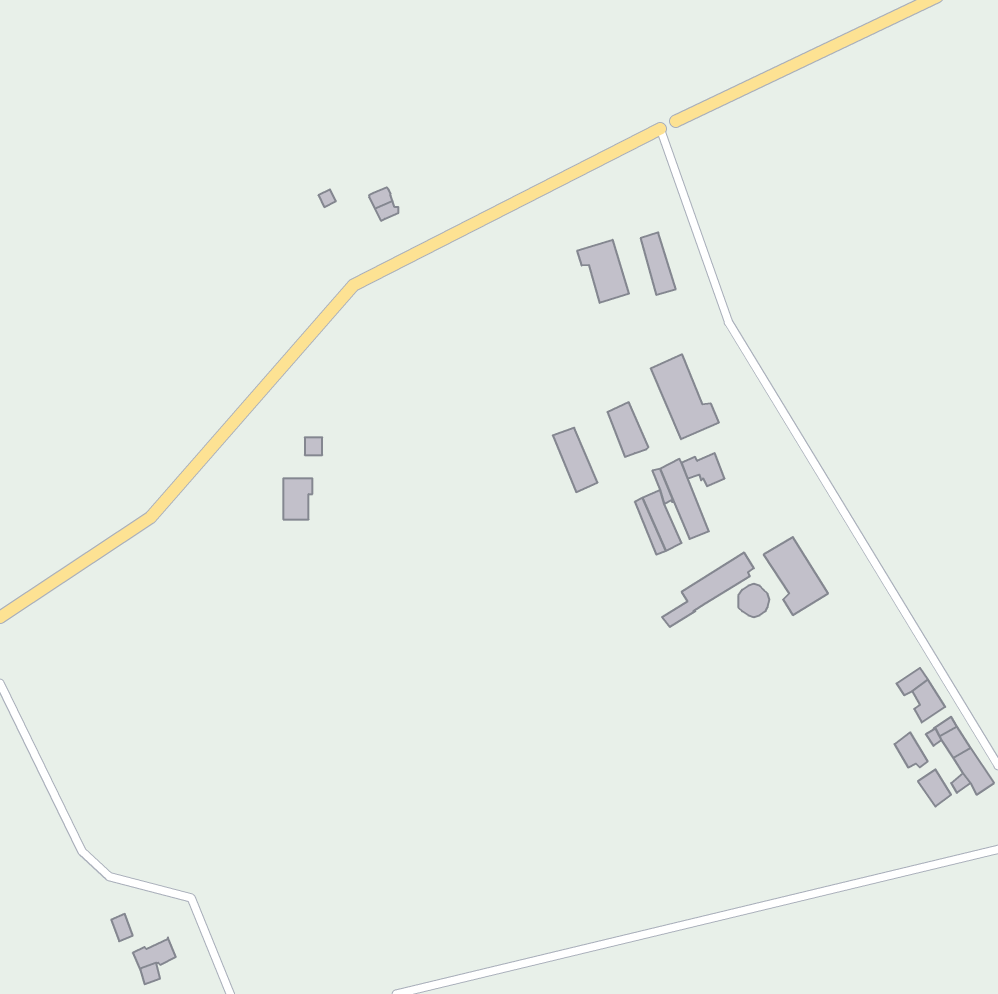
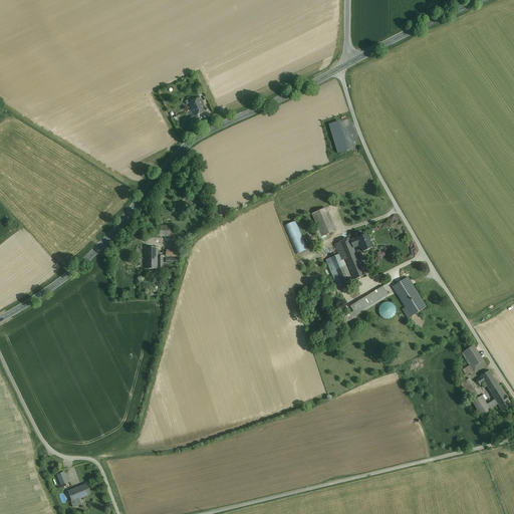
building: [577,240,629,303] -> none
building: [651,354,719,439] -> none

